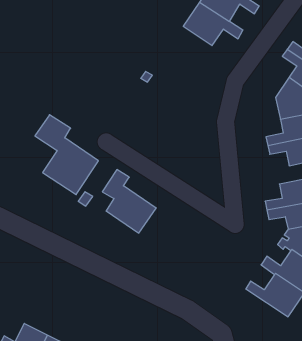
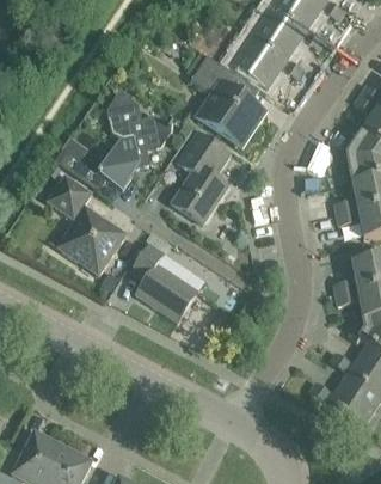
building: none -> [190,55,265,145]
building: none -> [59,91,173,189]
building: none -> [173,130,229,222]

